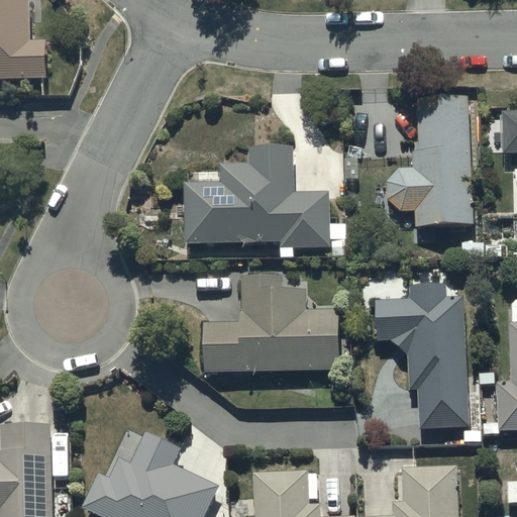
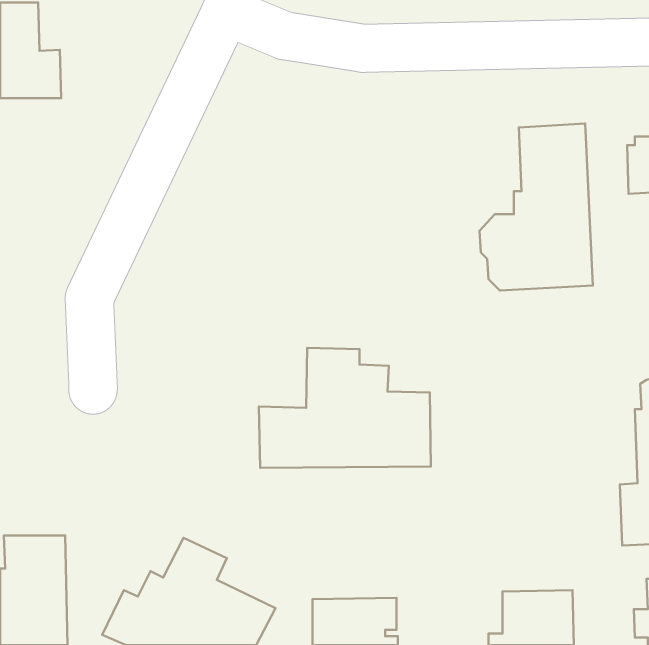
building: [188,148,327,250] -> none
building: [369,287,474,430] -> none

